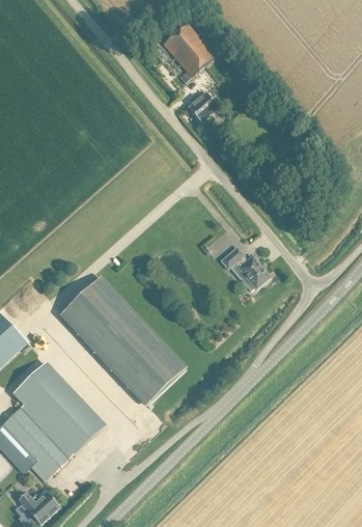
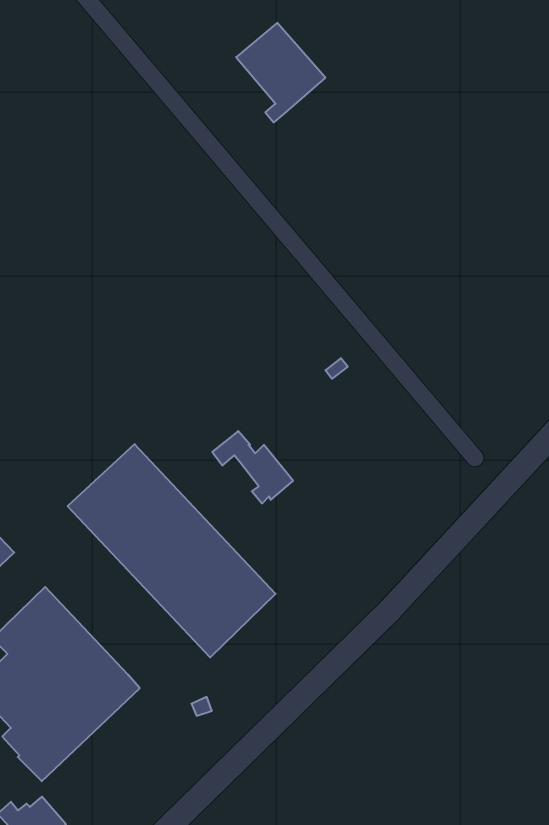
building: [187,94,221,122] -> none
building: [220,247,269,290] -> [212,431,293,503]

